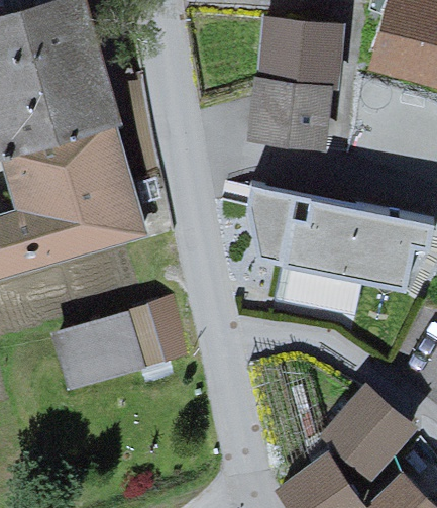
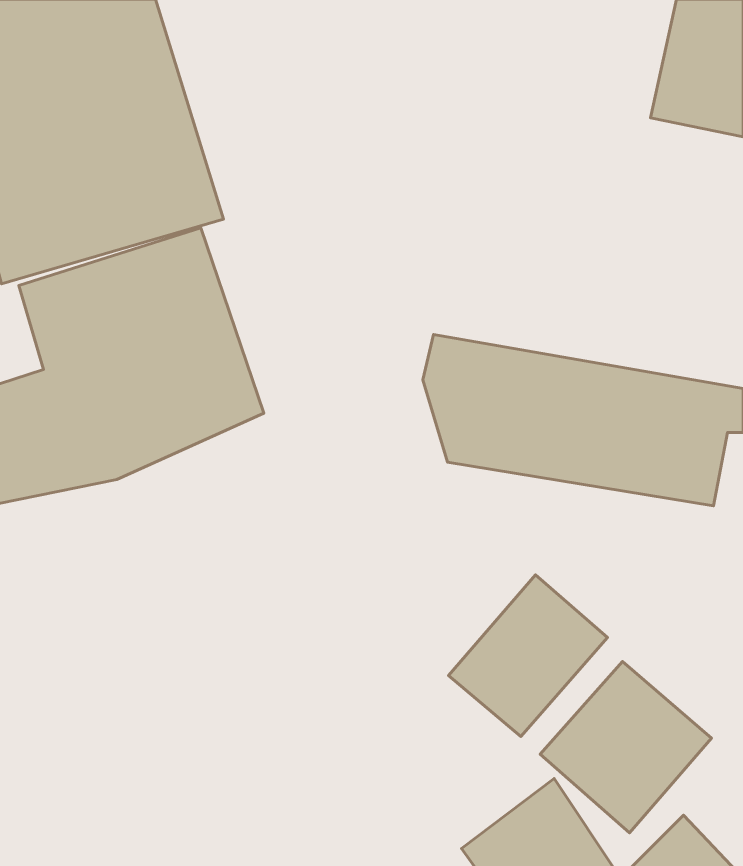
building: [247,15,335,139] -> none
building: [50,288,195,388] -> none
building: none -> [449,575,608,737]

